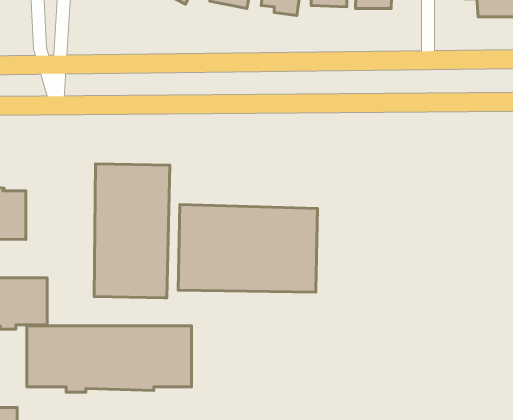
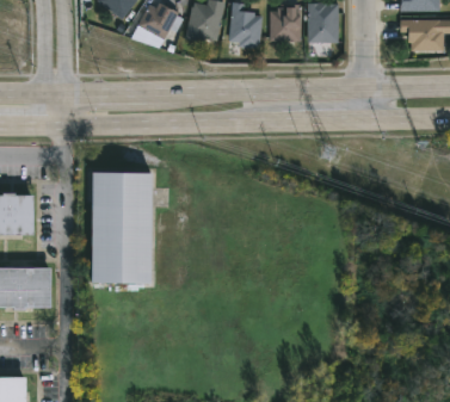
building: [178,204,317,292] -> none
building: [27,326,191,392] -> none

